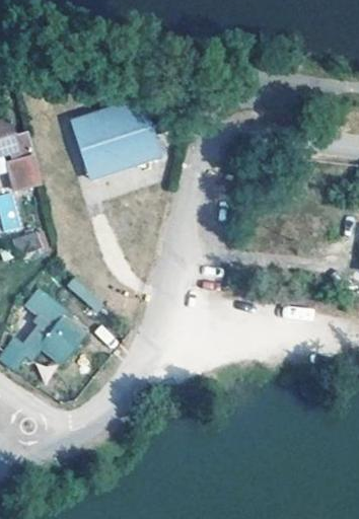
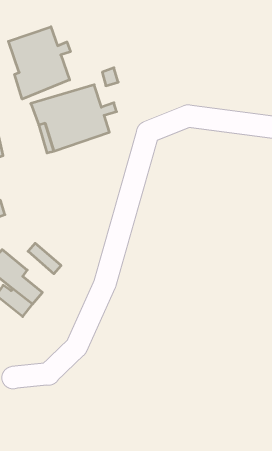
building: none -> [8,27,70,99]

